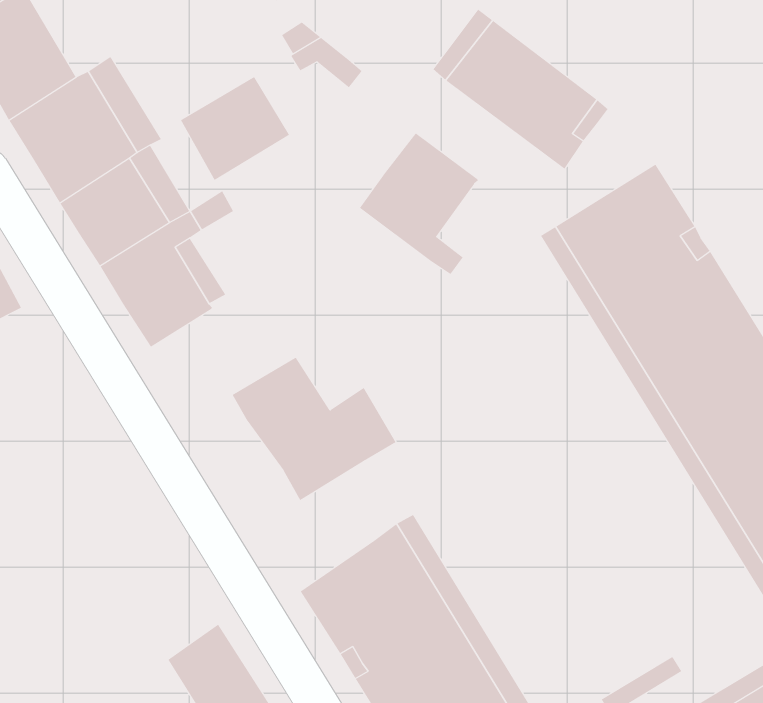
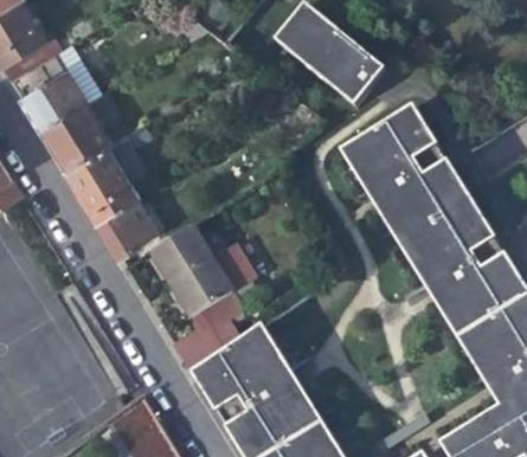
building: [180,76,290,181] -> none
building: [359,132,479,275] -> none
building: none -> [98,198,156,256]
building: none -> [178,292,242,374]

